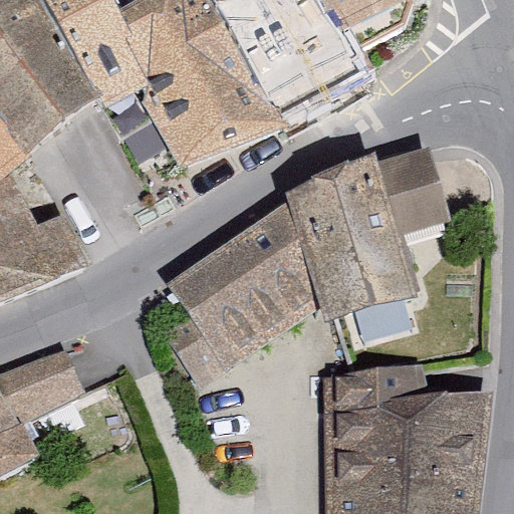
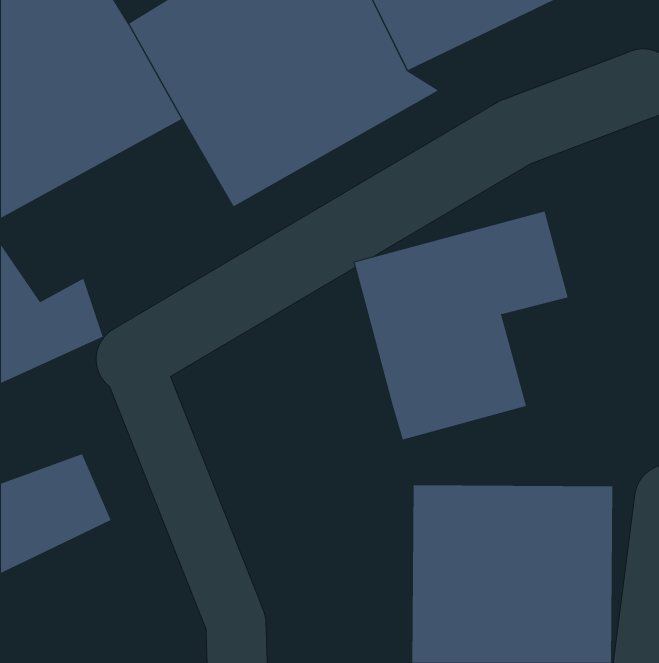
building: [167,201,308,388] -> none

